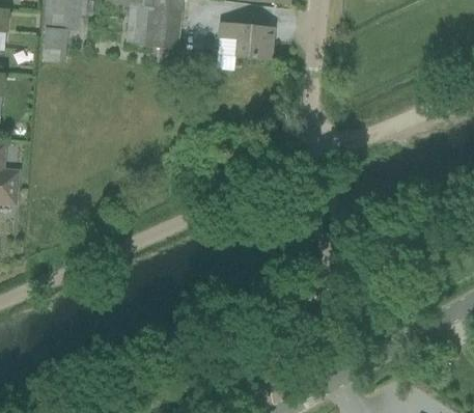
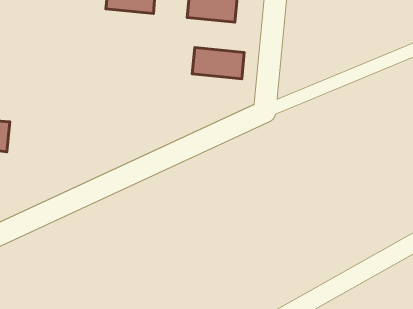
building: none -> [192,47,244,79]

